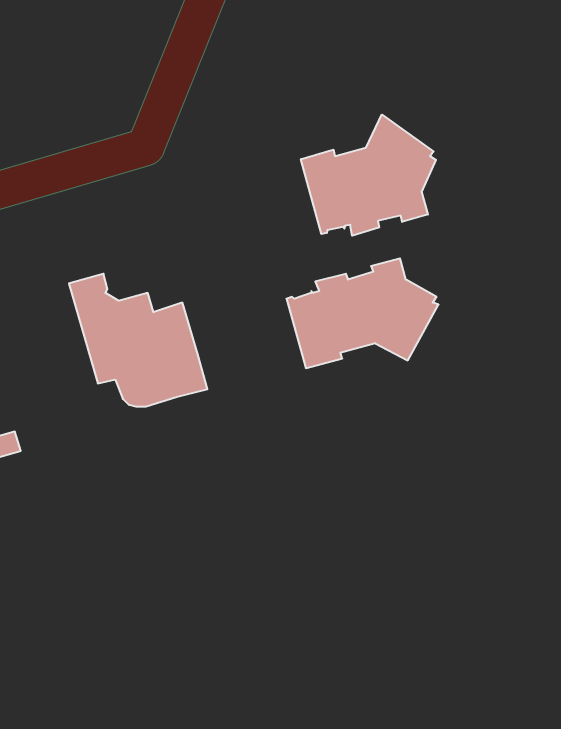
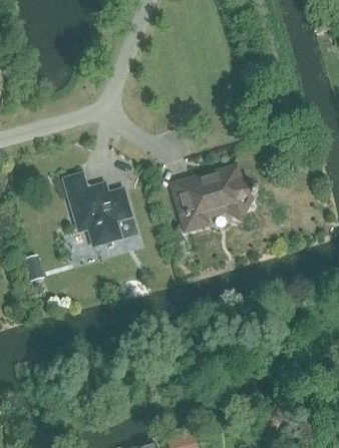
building: [301,115,436,236] -> none

